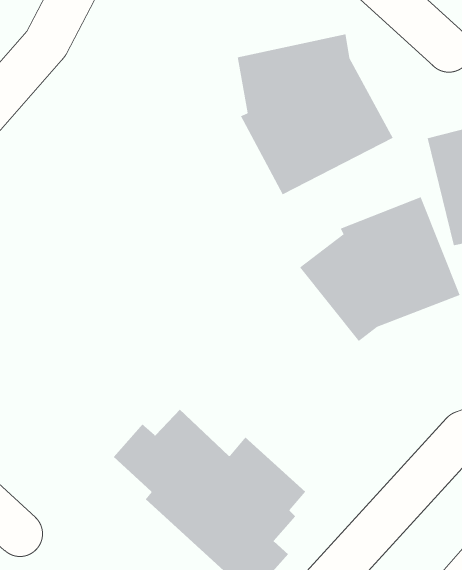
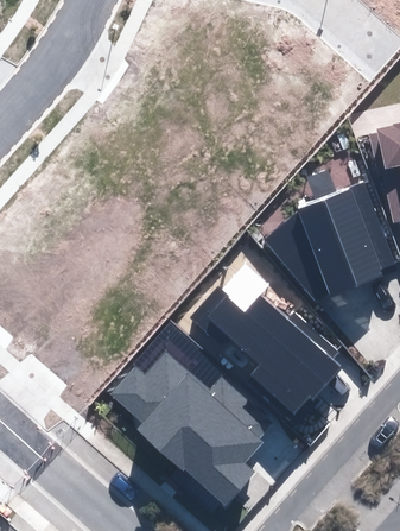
building: [237,34,394,195] -> none
building: none -> [191,287,339,411]

